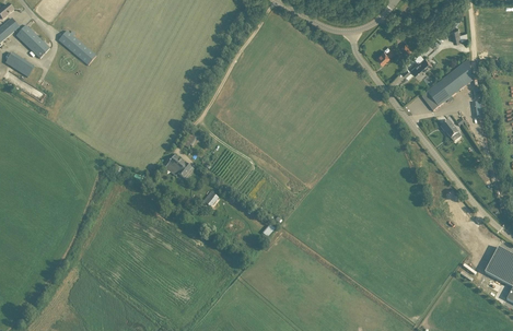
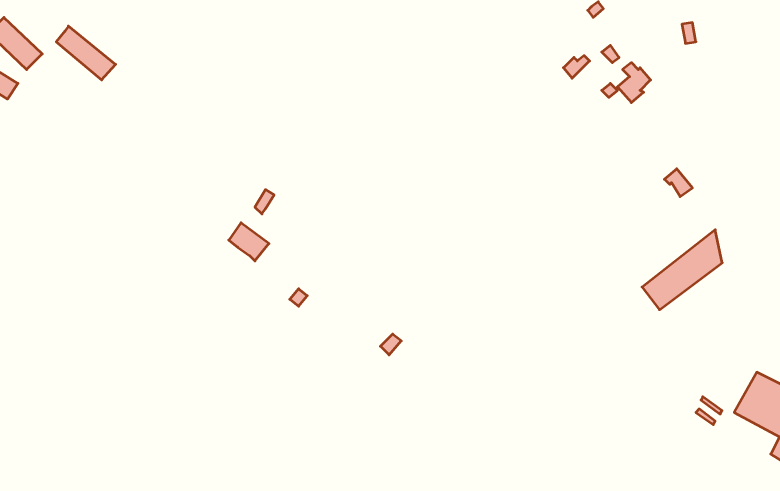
building: [421,59,471,109] -> [642,230,722,310]

